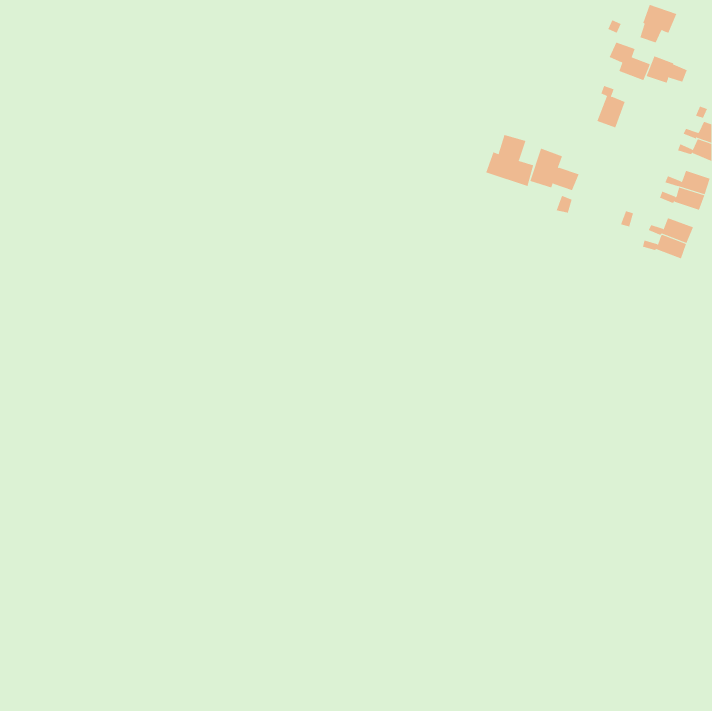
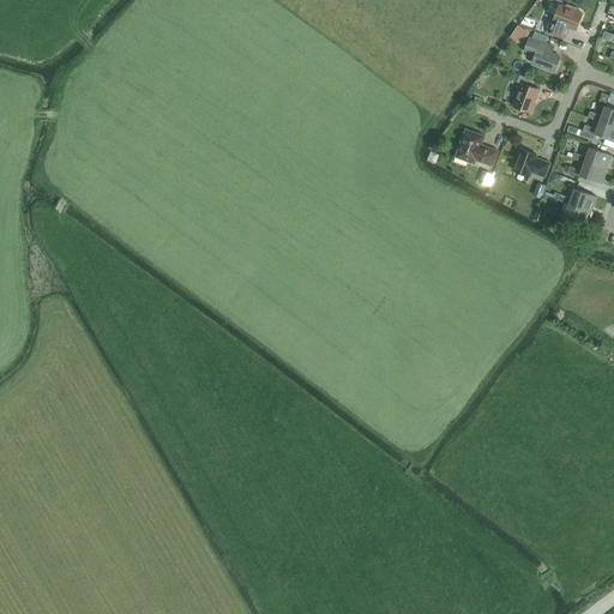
building: [646,55,688,84] -> none
building: [485,134,534,187] -> none
building: none -> [512,148,550,176]

